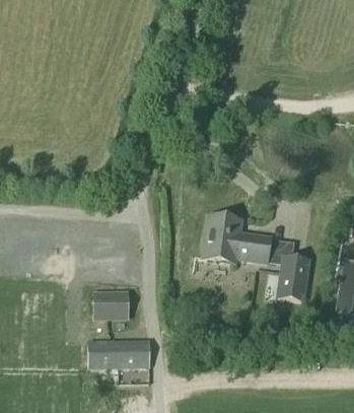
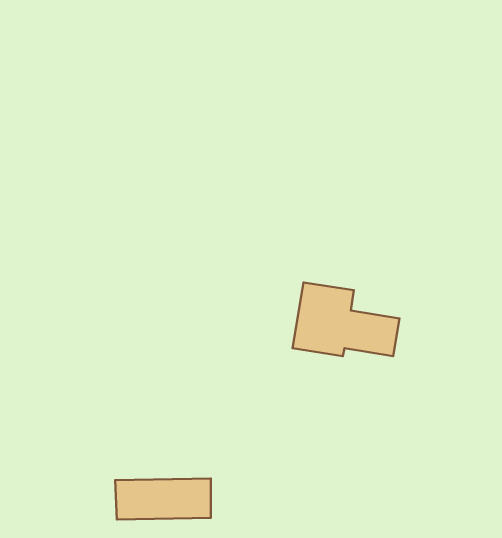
building: [278,255,308,298] -> none
building: [94,290,128,316] -> none

